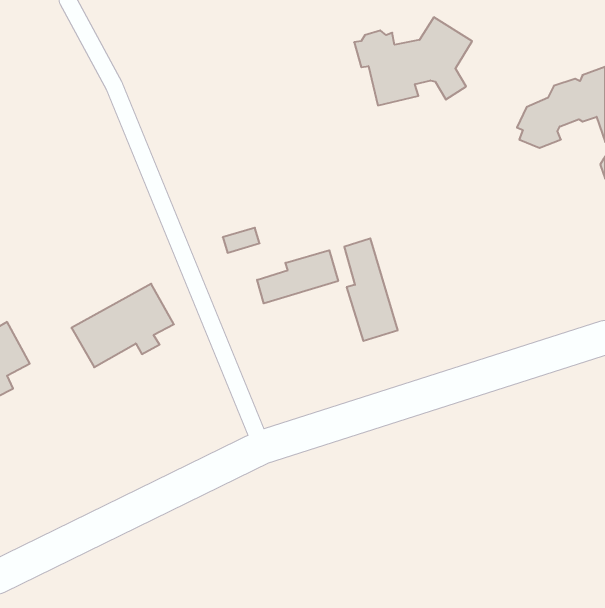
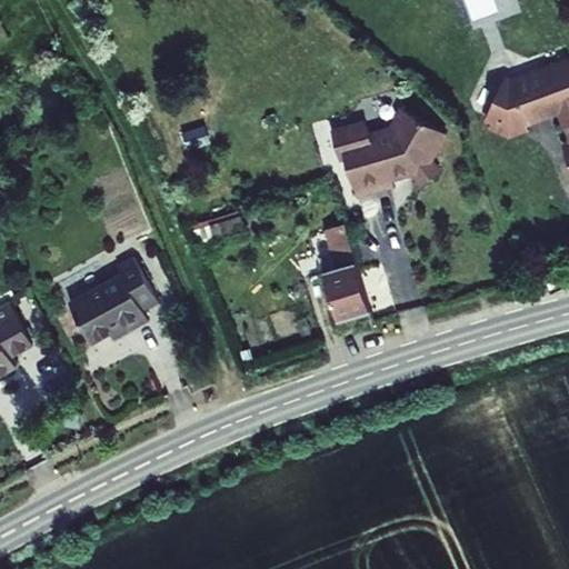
building: [354,17,472,105] -> [331,113,441,196]
building: [257,250,338,303] -> none

